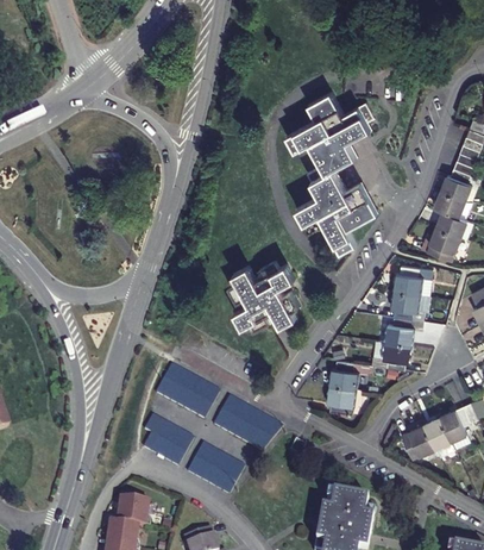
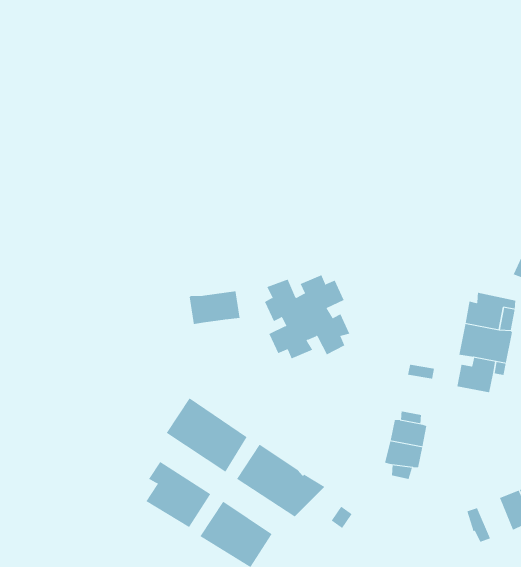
building: [283,88,376,251] -> none
building: none -> [189,291,240,325]
building: [373,339,410,370] -> none
building: [406,426,434,458] -> none

